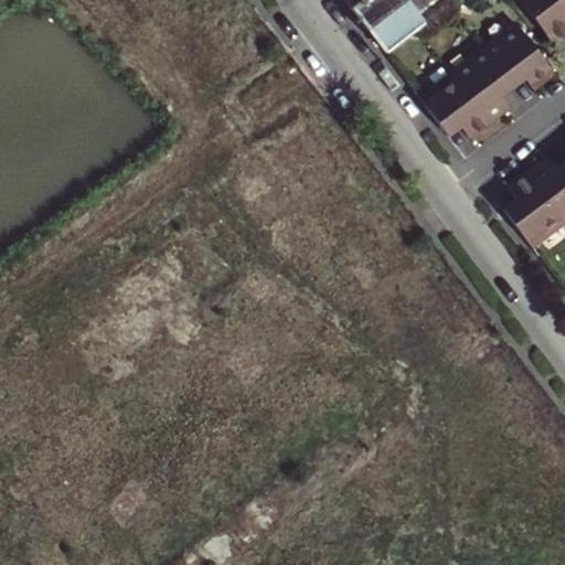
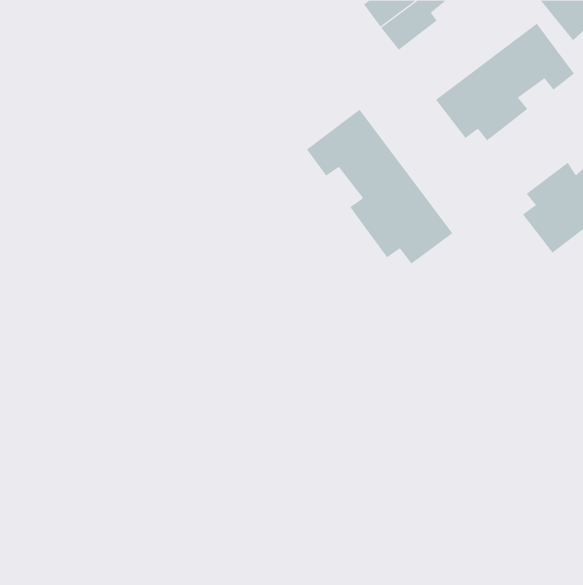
building: none -> [306,109,453,264]

